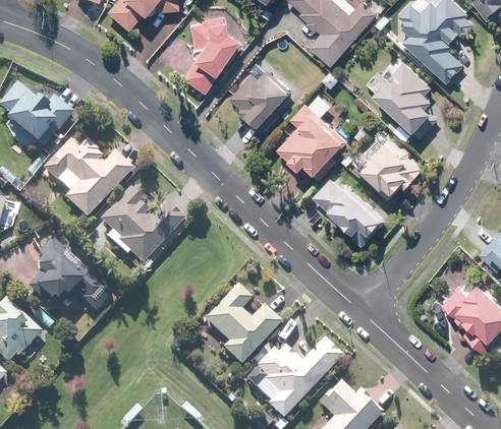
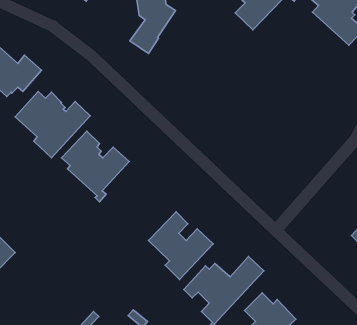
building: [371,62,438,142] -> none
building: [230,70,289,128] -> none
building: [277,96,348,181] -> none
building: [358,141,422,200] -> none
building: [313,178,379,241] -> none
building: [33,239,114,319] -> none

